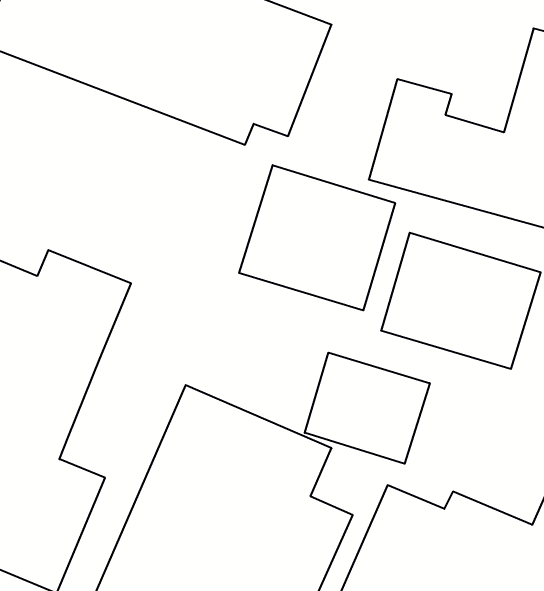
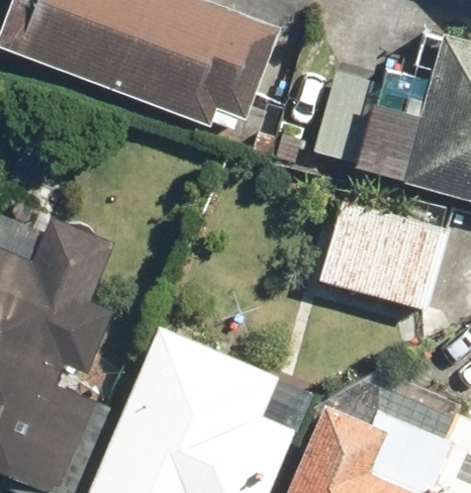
building: [239,165,395,310] -> none
building: [305,353,430,464] -> none

